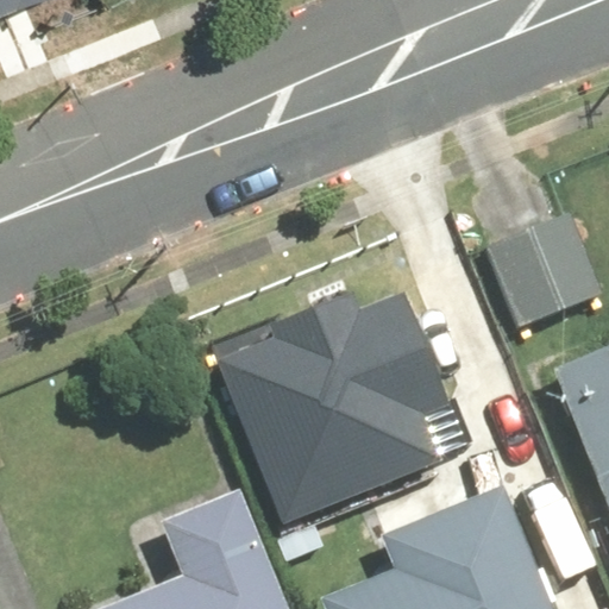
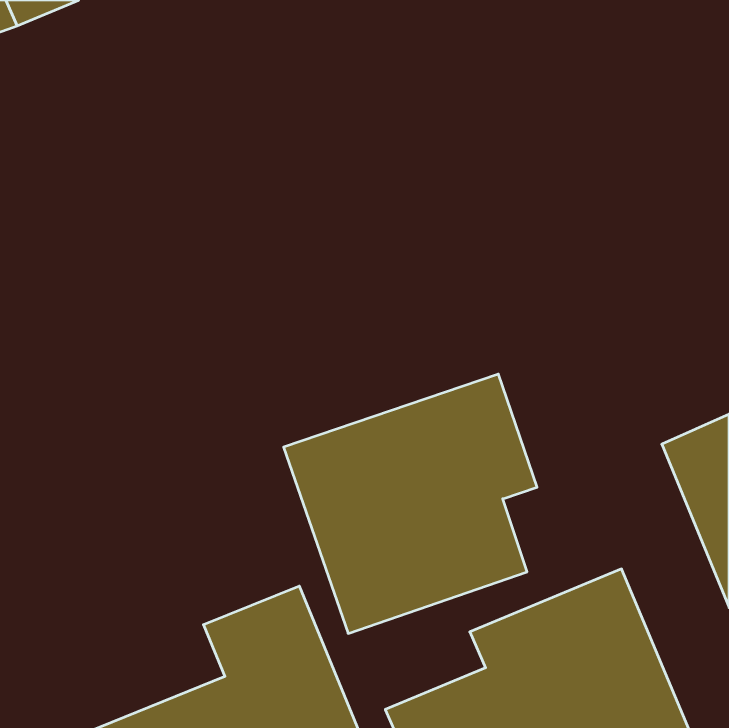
building: [478,208,601,328] -> none

